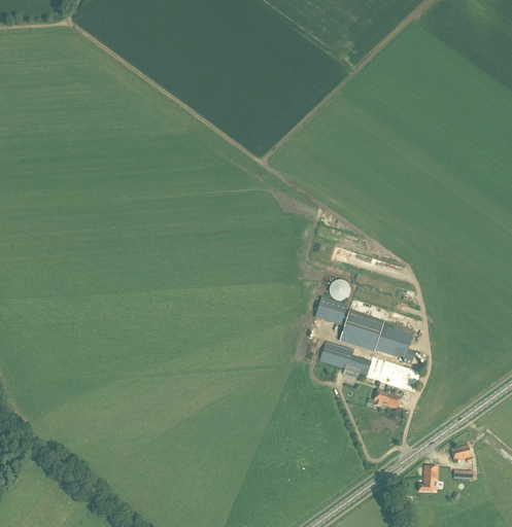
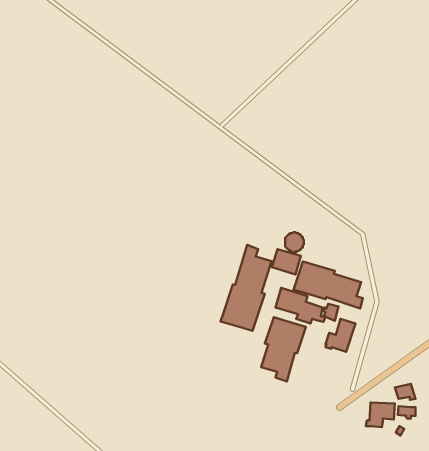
building: none -> [221,245,272,331]
building: none -> [261,317,306,381]

